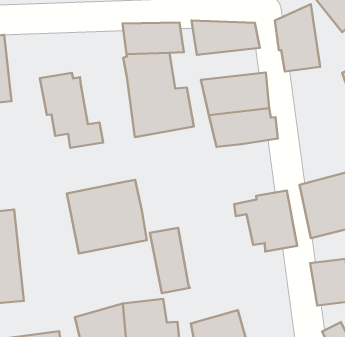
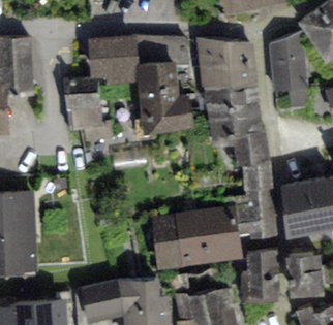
building: none -> [87,36,139,86]
building: none -> [200,64,259,89]
building: none -> [234,143,271,192]
building: [67,180,147,253] -> [175,207,242,268]
building: none -> [249,252,276,302]

